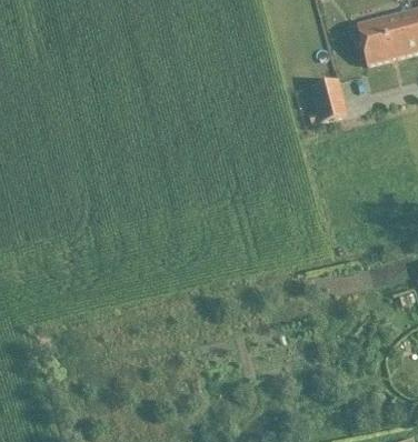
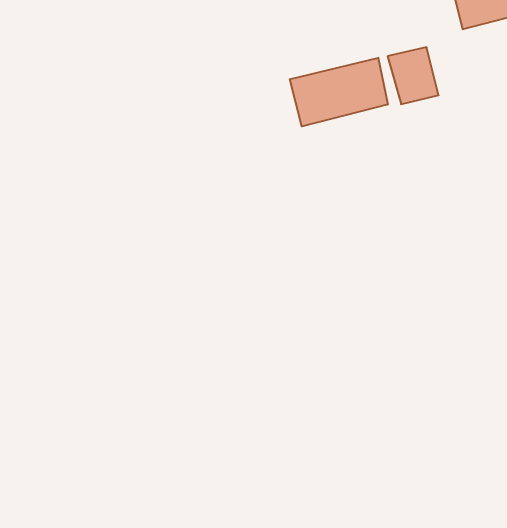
building: none -> [290,58,388,126]

